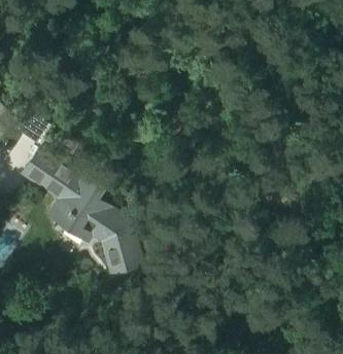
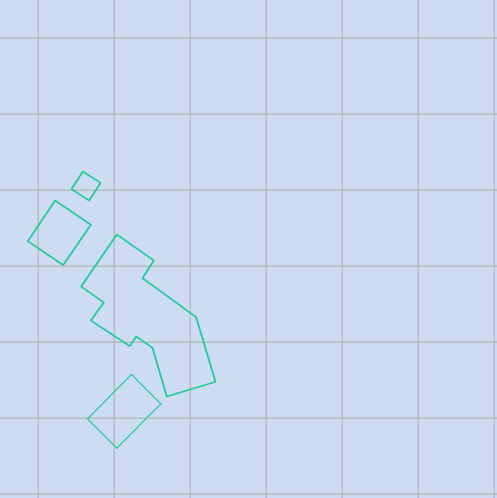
building: none -> [87,375,161,448]

